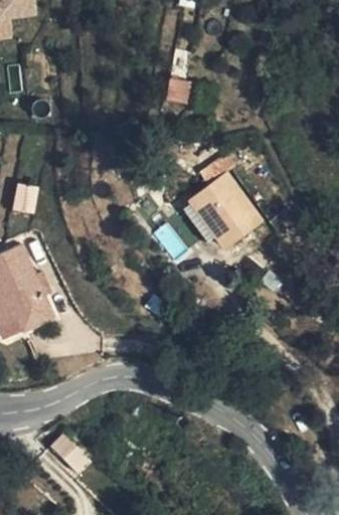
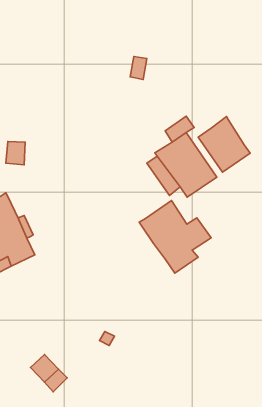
building: none -> [198,116,250,172]
building: none -> [139,200,211,273]

